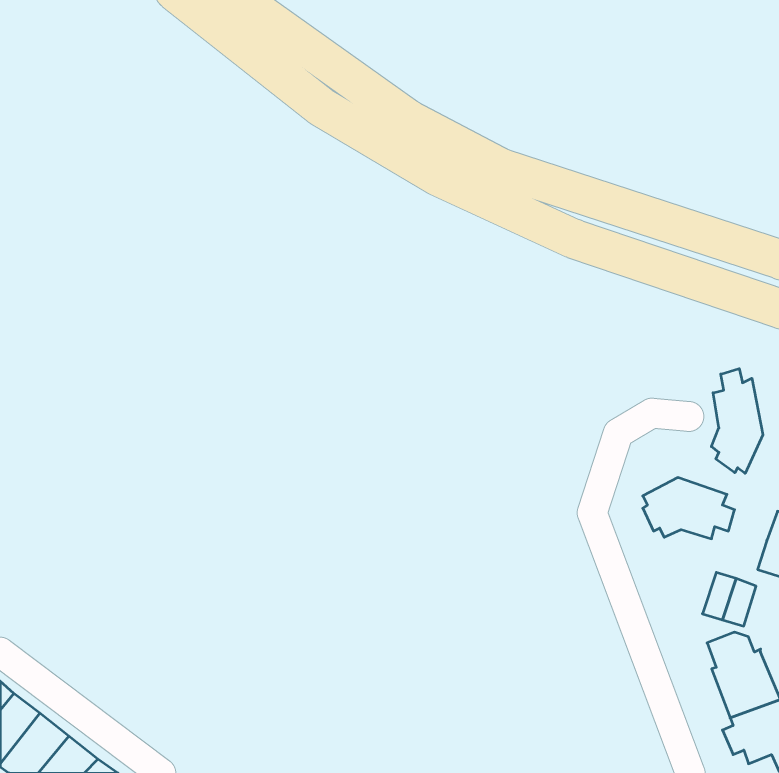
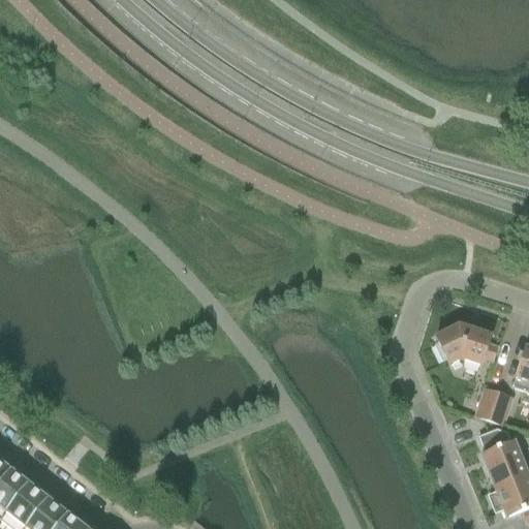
building: [711,369,763,473] -> none

